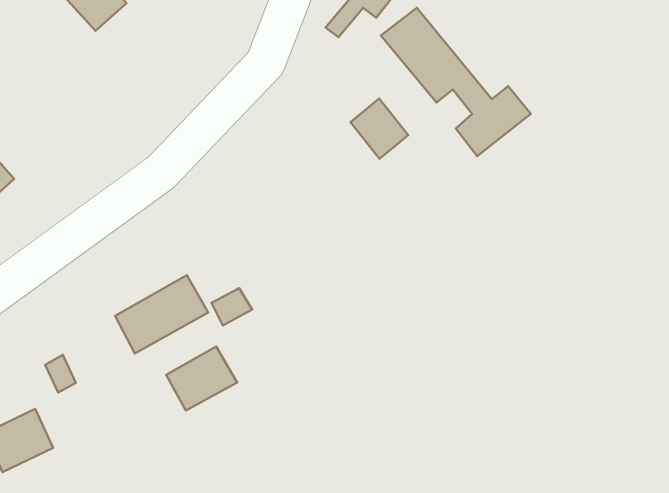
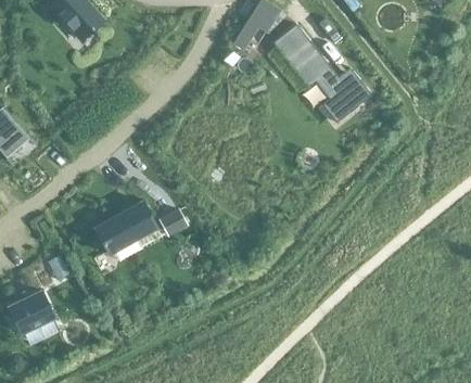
building: [350,98,408,159] -> none
building: [166,346,237,410] -> none

